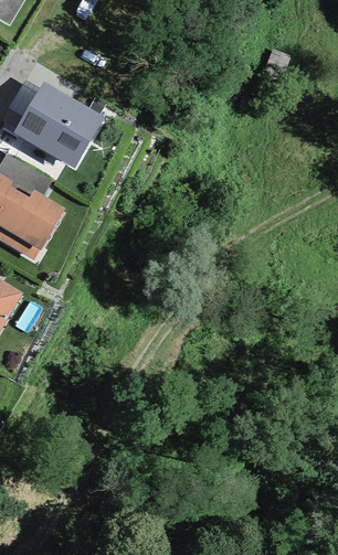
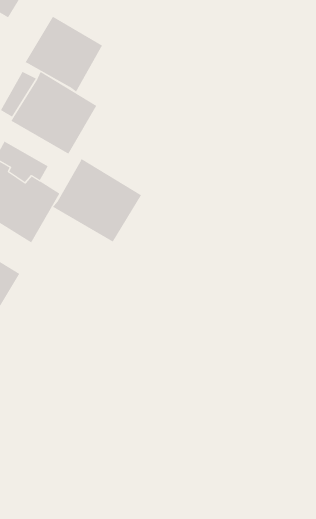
building: none -> [25,16,103,92]
building: none -> [52,158,142,243]

